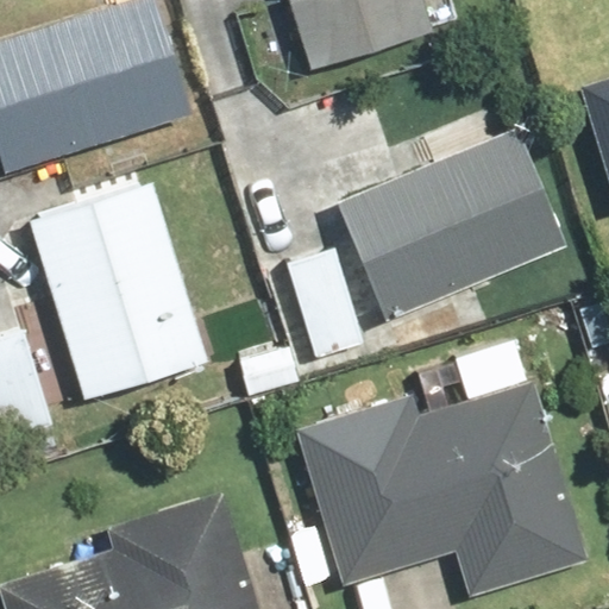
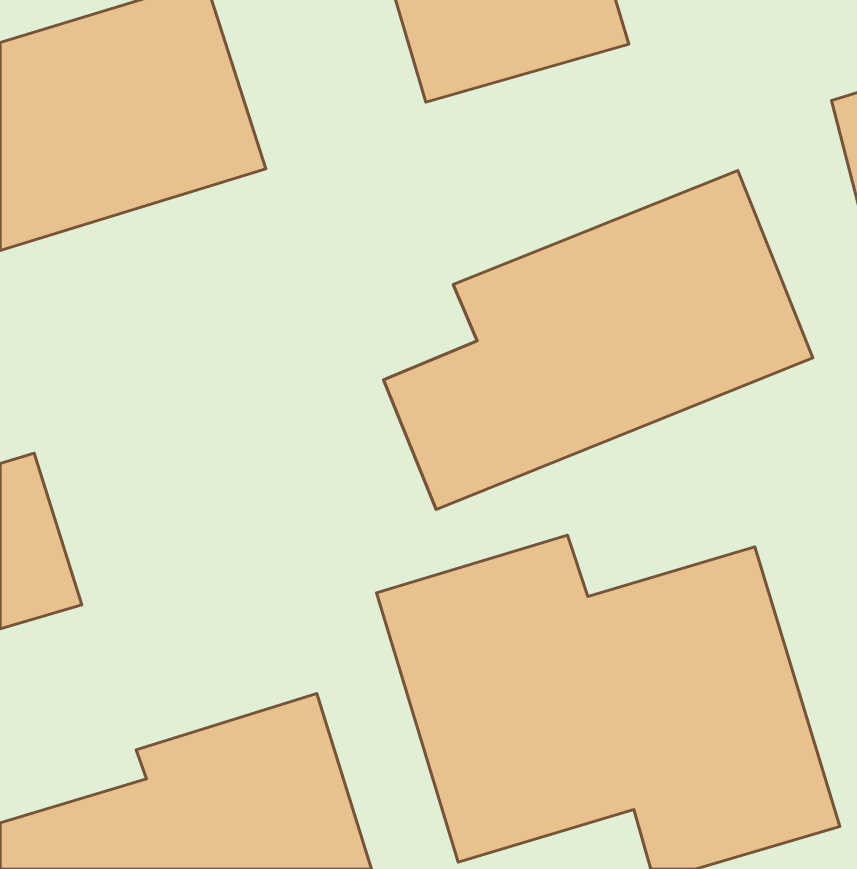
building: [17,176,207,410] -> none

